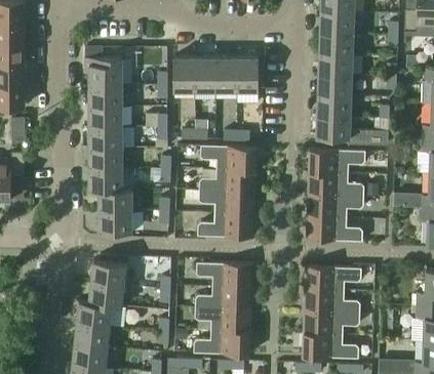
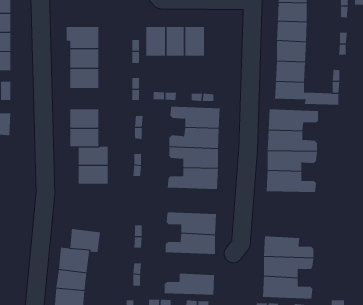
building: [239,57,259,90] -> none
building: [89,126,122,149] -> none
building: [91,260,126,285] -> none
building: [305,266,361,291] -> none
building: [195,307,251,332] -> none

